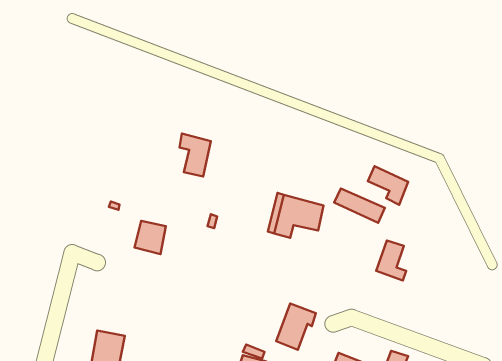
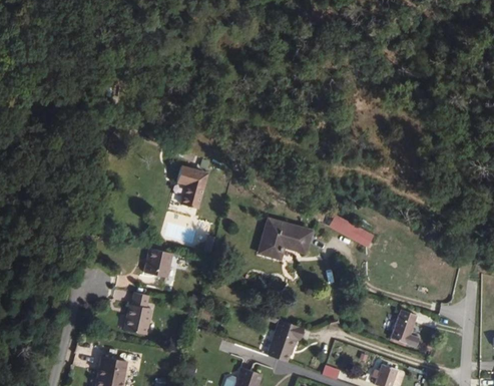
building: [368,166,408,205] -> none
building: [376,241,406,280] -> [387,312,415,349]
building: none -> [122,289,151,331]

